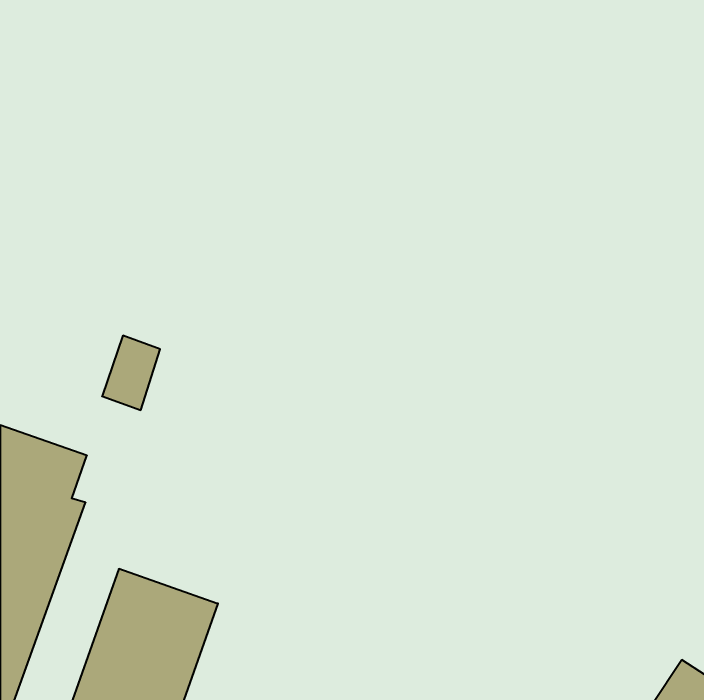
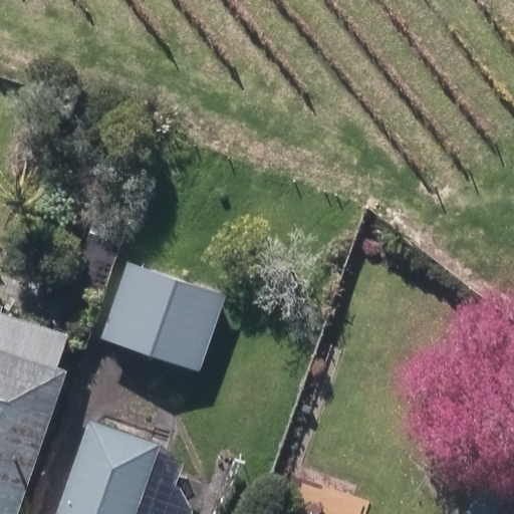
building: none -> [102,264,228,374]

